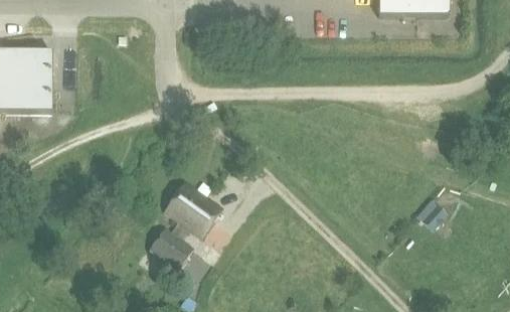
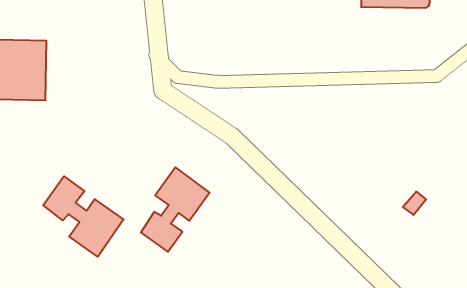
building: none -> [43,176,124,257]

